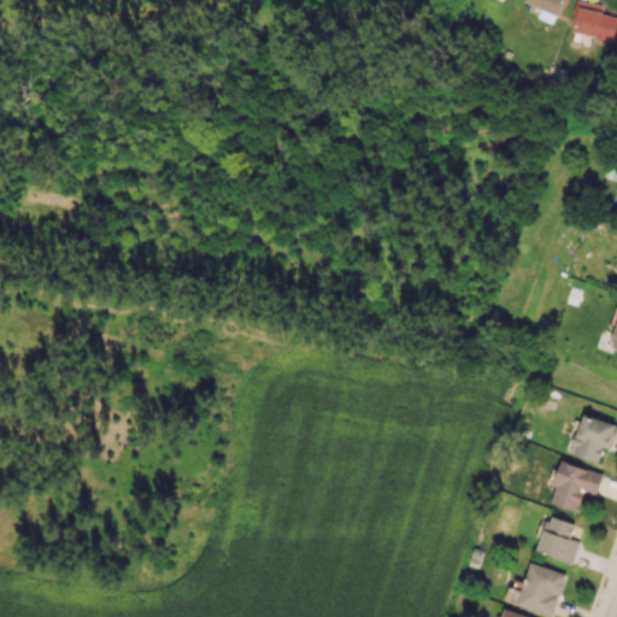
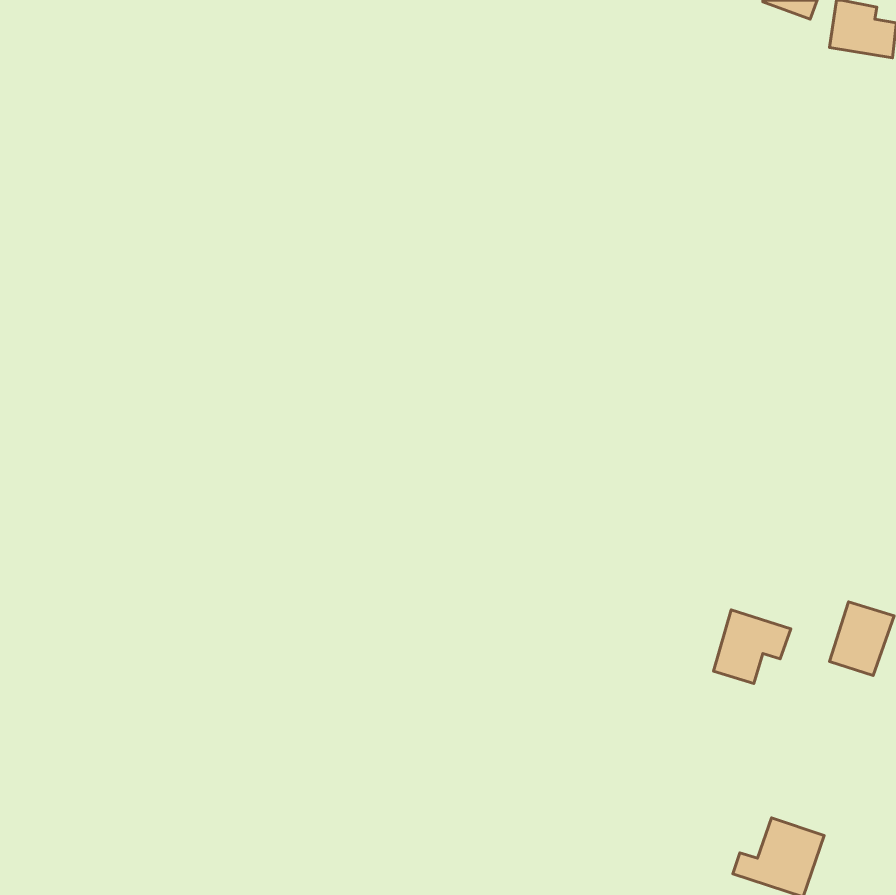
building: [550,462,603,512] -> [714,610,791,683]
building: [536,516,580,564] -> none

